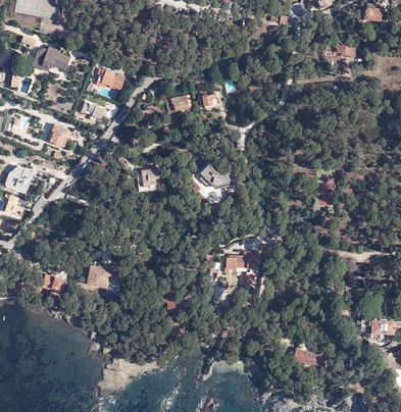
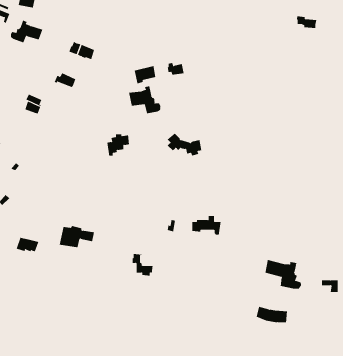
building: none -> [129,85,161,114]
building: none -> [265,259,302,289]

